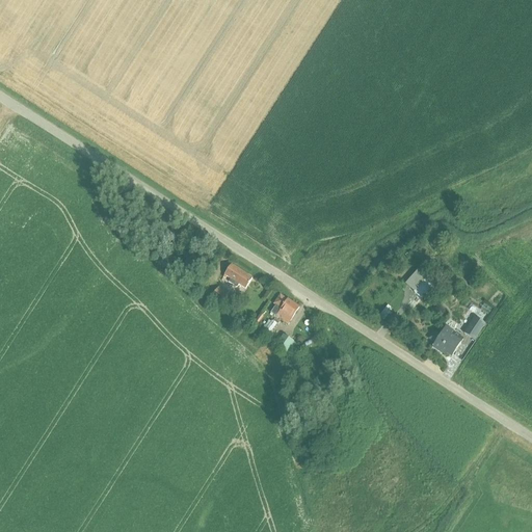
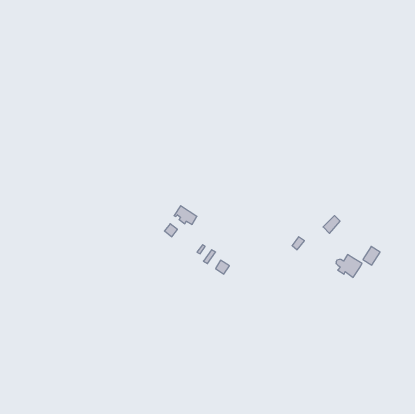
building: [270,294,298,323] -> none

